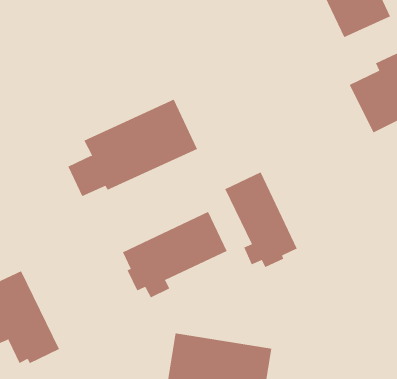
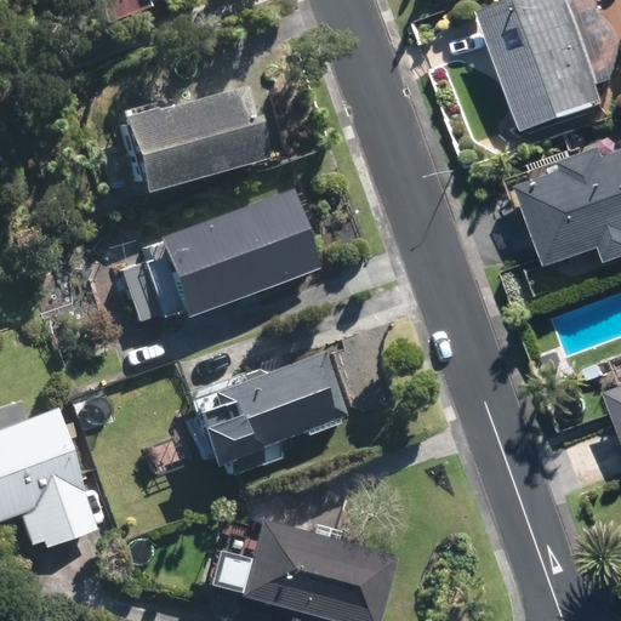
building: none -> [125,87,260,183]
building: [225,171,298,268] -> none

